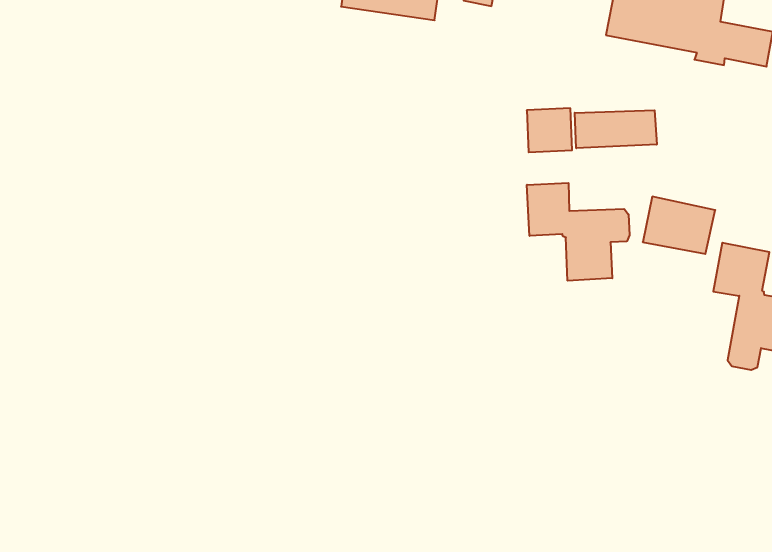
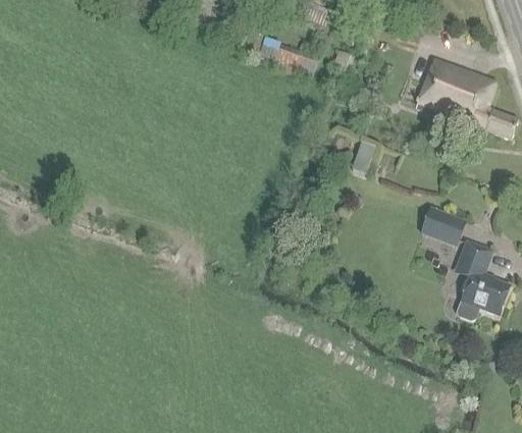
building: [575,110,657,148] -> none
building: [527,183,630,281] -> none

